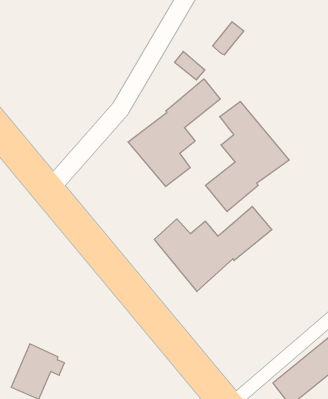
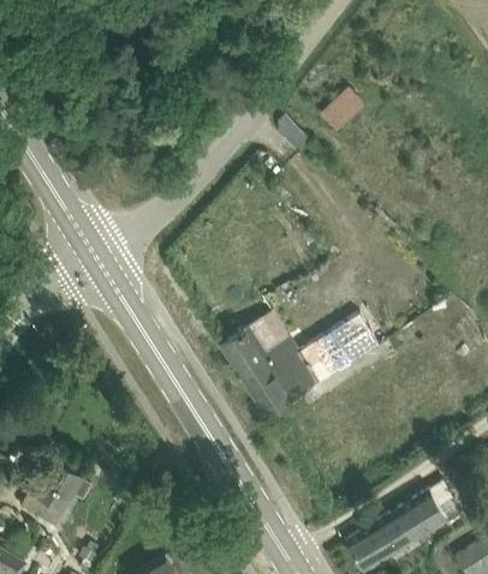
building: [128,79,220,187] -> none
building: [206,101,289,212] -> none

